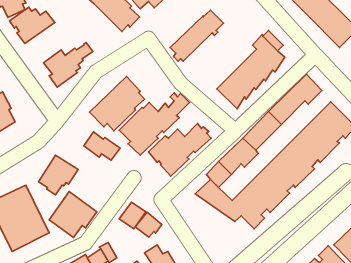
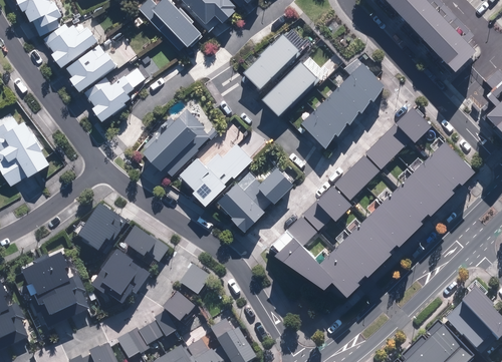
building: none -> [66,44,115,92]
building: none -> [260,56,338,117]
building: [84,132,120,160] -> [124,230,170,265]
building: [135,212,162,237] -> [163,294,196,325]

